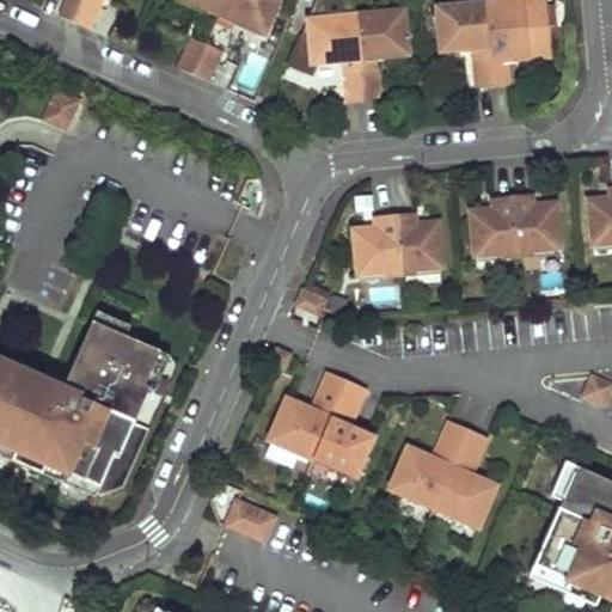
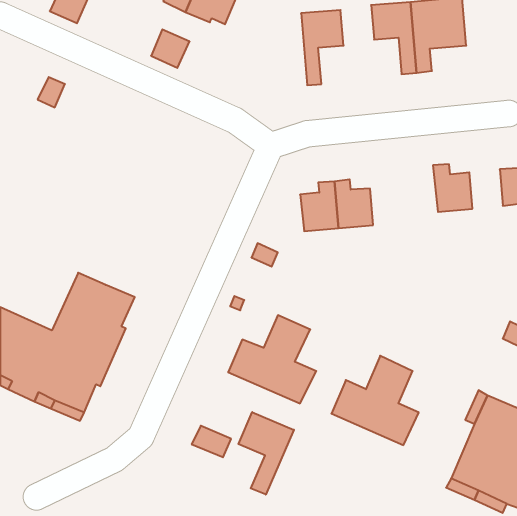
building: [310,16,363,102] -> none
building: [472,195,518,253] -> none
building: none -> [238,412,294,495]

